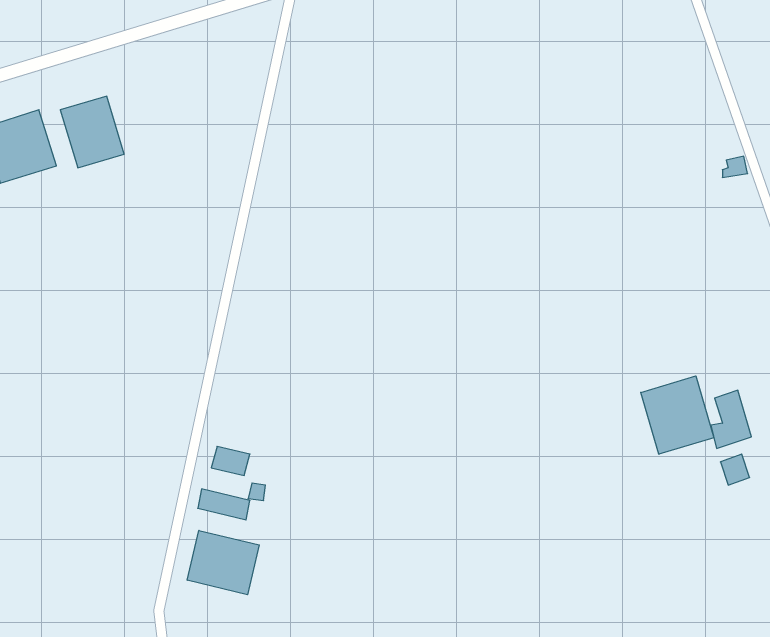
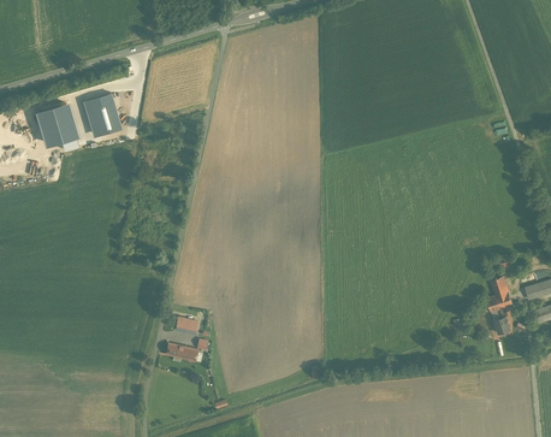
building: [641,376,714,454] -> none
building: [187,530,259,595] -> none

